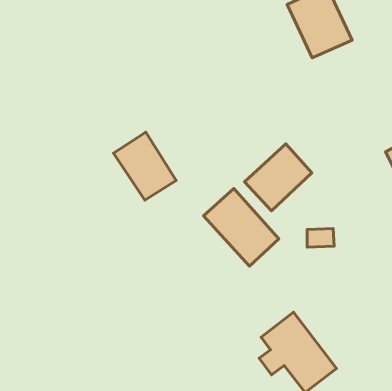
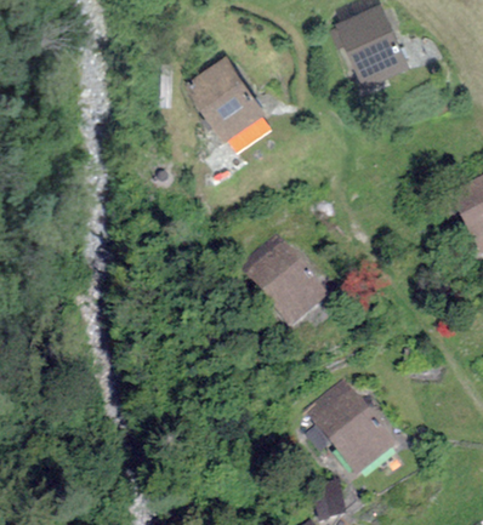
building: [113,132,176,200] -> [188,56,261,135]
building: [244,144,312,211] -> none

